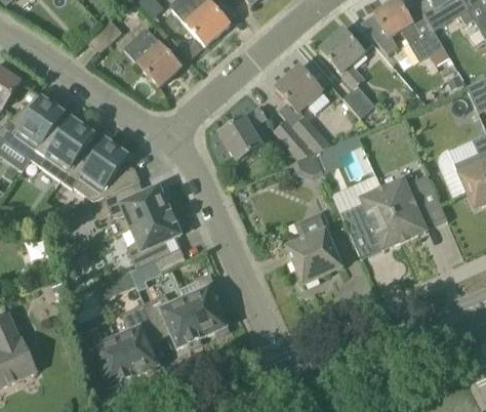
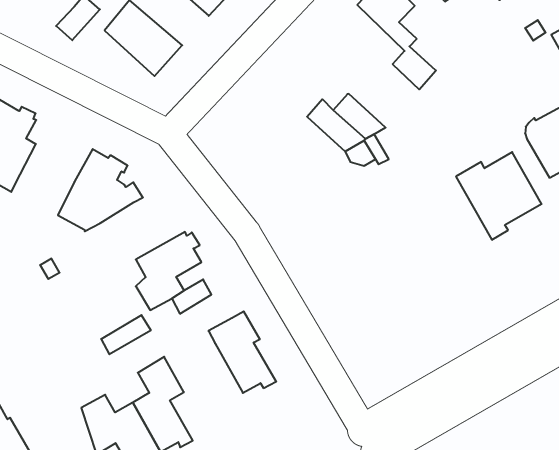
building: [276,66,329,112] -> none
building: [218,106,267,160] -> none
building: [43,116,94,188] -> none
building: [106,182,170,226] -> none
building: [341,188,405,253] -> none
building: [286,210,342,284] -> none
building: [145,295,202,347] -> none

